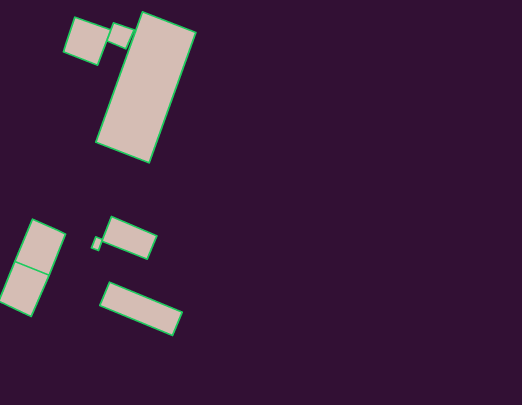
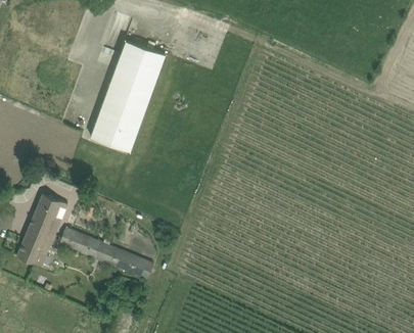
building: [63,17,111,65] -> none
building: [102,217,157,259] -> [59,227,100,258]

